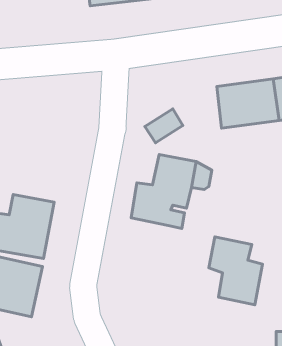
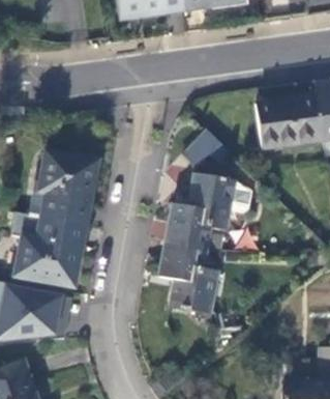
building: none -> [40,153,95,227]
building: [209,237,262,305] -> [160,244,217,316]

